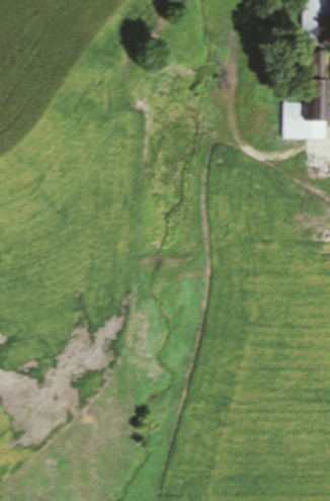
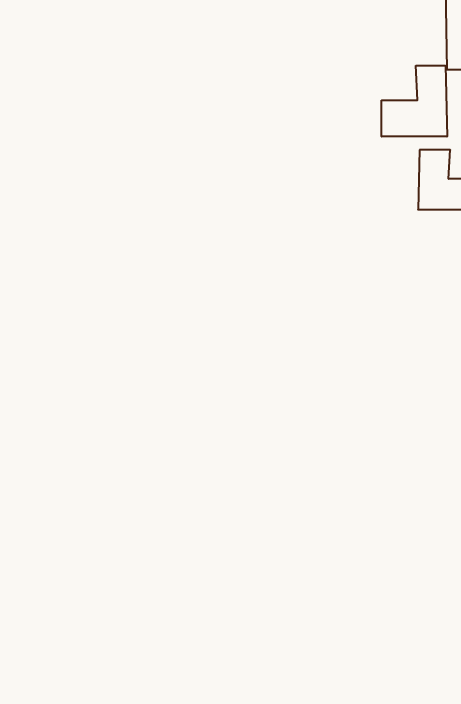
building: none -> [382,66,447,137]

